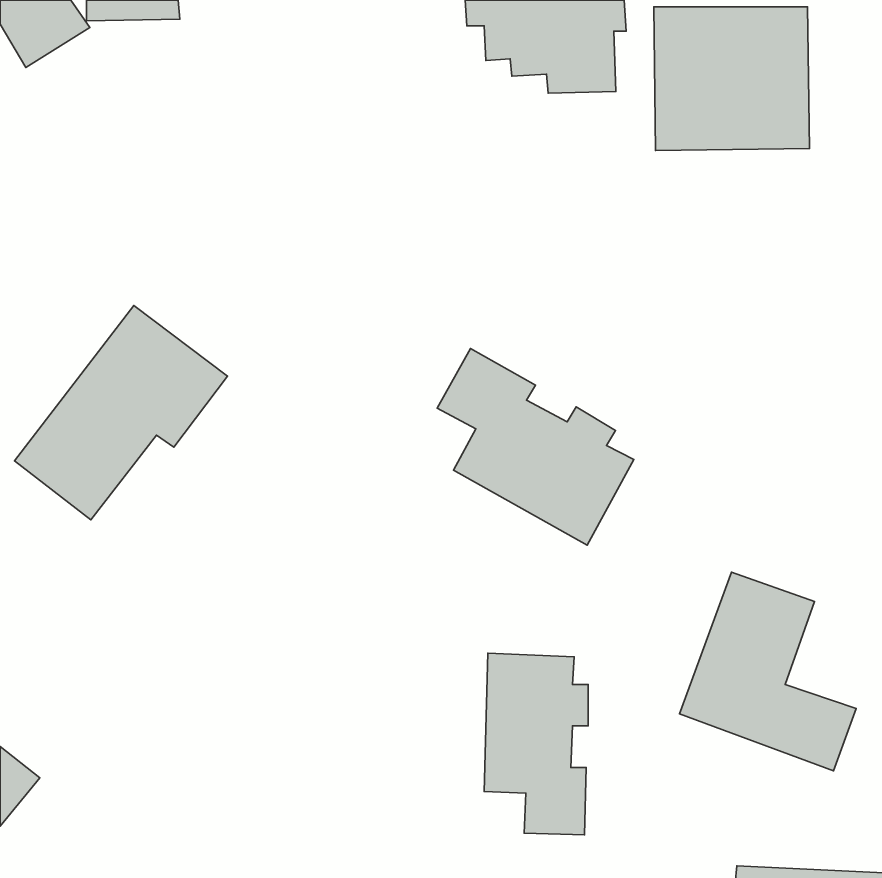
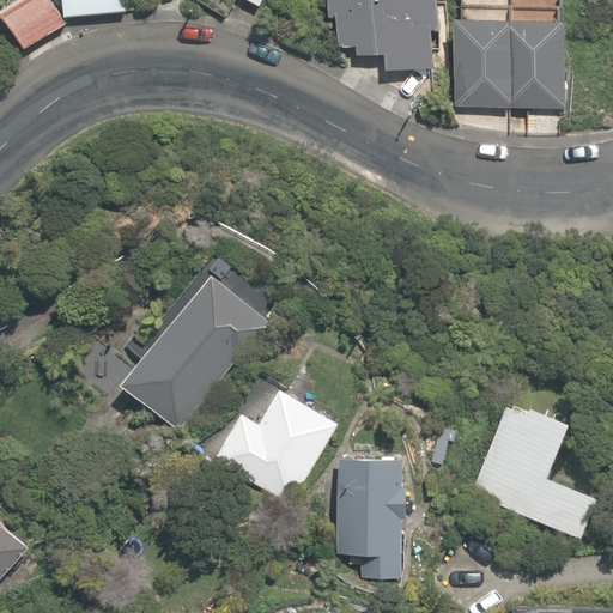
building: [15,305,227,520] -> [125,275,272,424]
building: [437,348,634,545] -> none
building: none -> [216,388,336,500]

